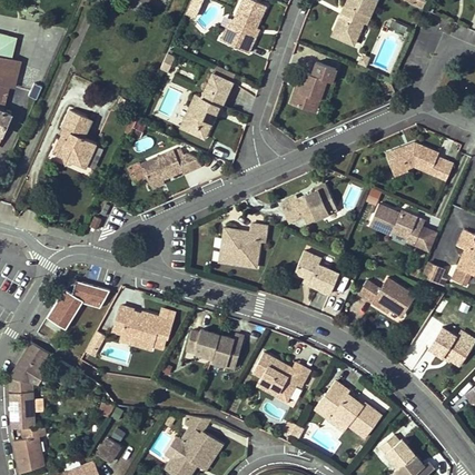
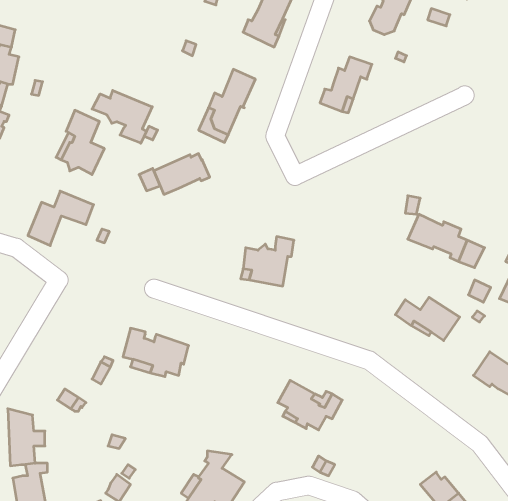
building: none -> [92,90,152,143]
building: [385,142,453,180] -> none
building: [280,184,336,224] -> none
building: [294,250,338,294] -> none
building: [48,277,107,326] -> [28,191,94,246]
building: [185,329,244,368] -> none
building: [9,343,48,385] -> none
building: [314,382,380,438] -> none

